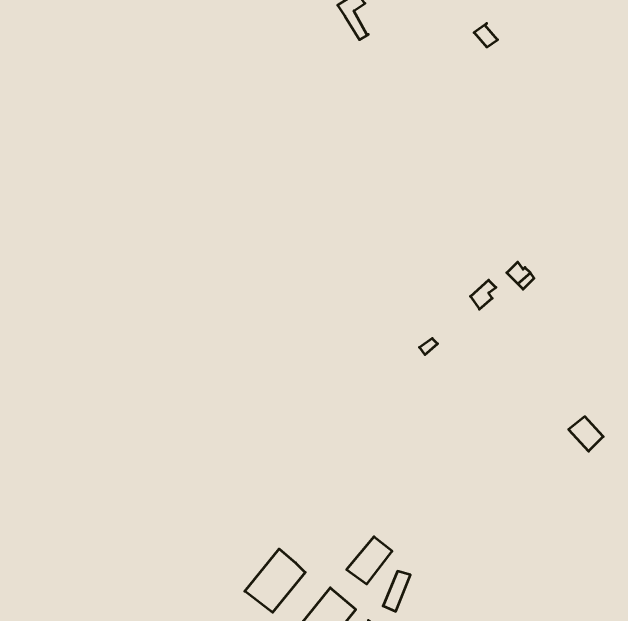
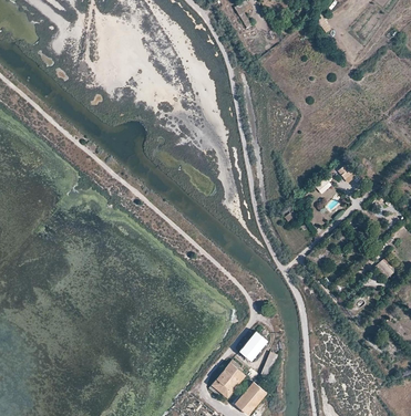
building: [245,549,305,612] -> none

